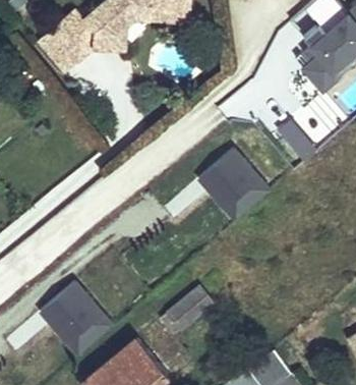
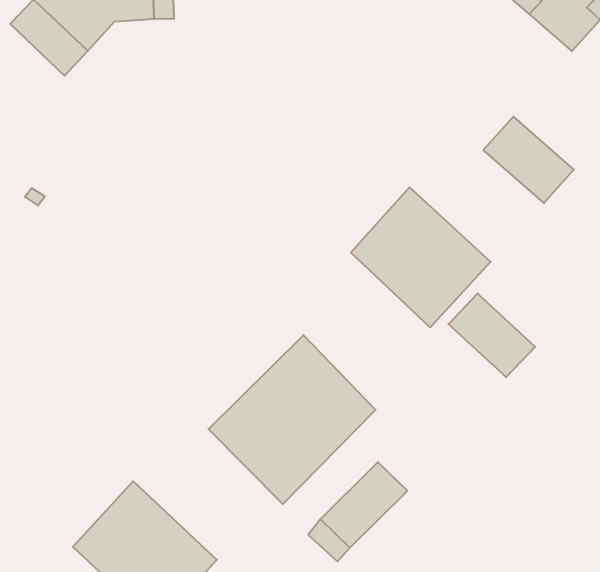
building: none -> [448,293,535,377]
building: none -> [208,335,376,504]

